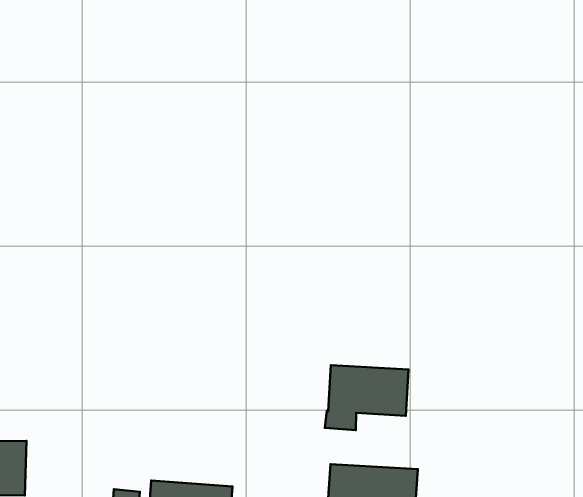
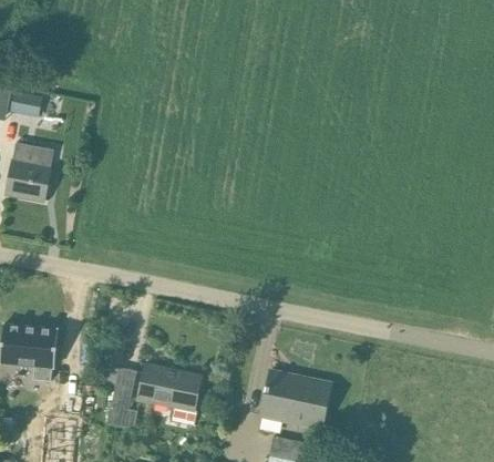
building: [325,365,408,430] -> none

